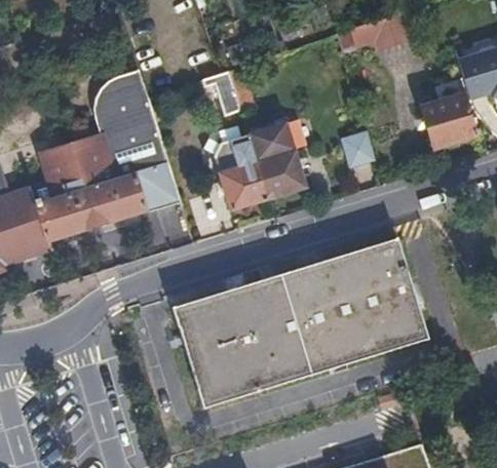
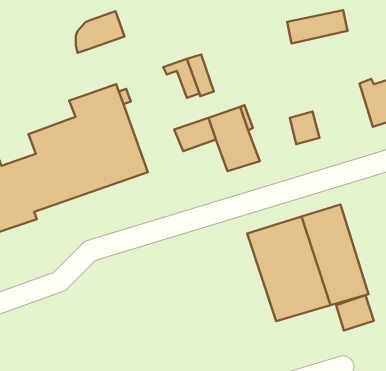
building: [87,72,143,119] -> [76,11,125,53]
building: [219,163,269,211] -> none
building: [173,270,324,406] -> none
building: none -> [336,295,374,330]

